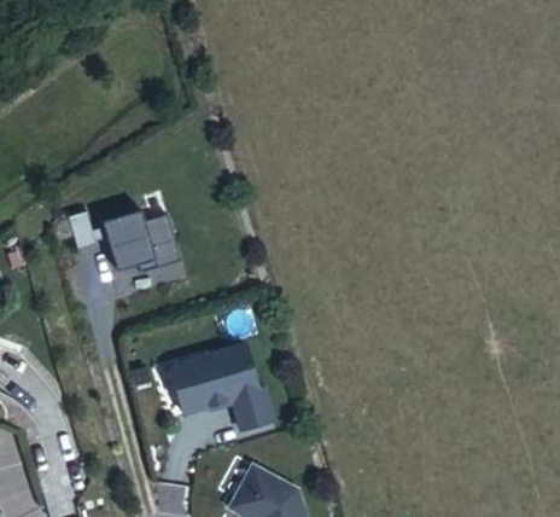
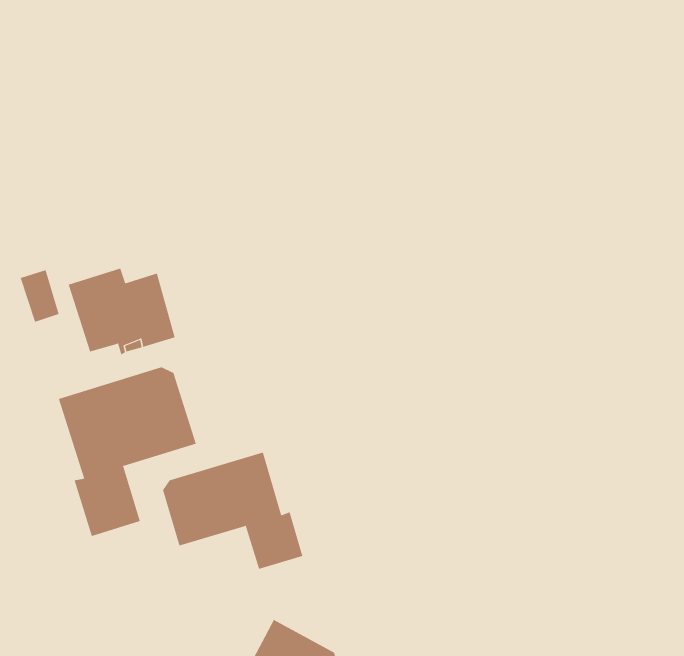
building: none -> [58,366,196,537]

